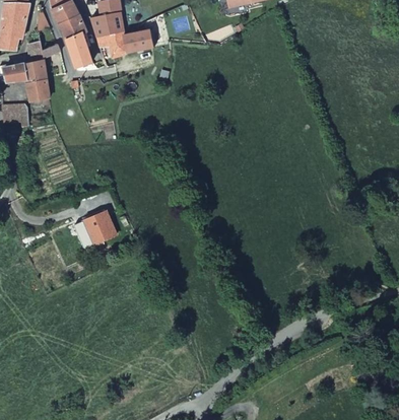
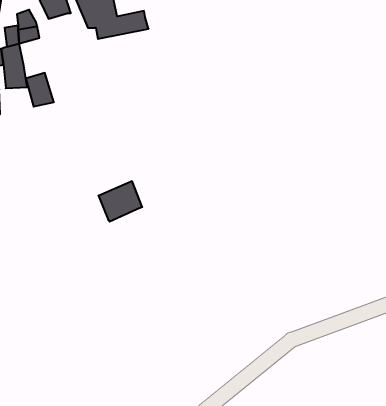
building: [67,33,92,64] -> [26,73,54,107]
building: [74,215,114,252] -> [98,181,142,222]

